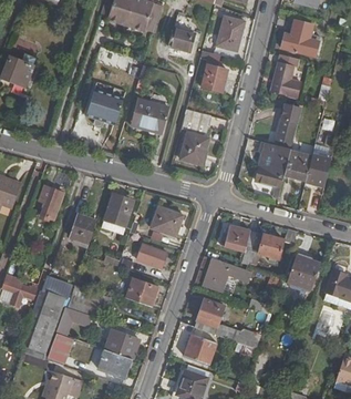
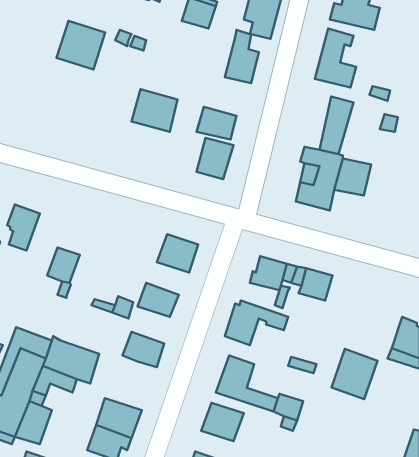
building: [86,89,123,125] -> [57,21,105,70]
building: [306,154,331,184] -> none
building: [99,195,131,232] -> none
building: [286,254,320,291] -> [332,349,377,399]

